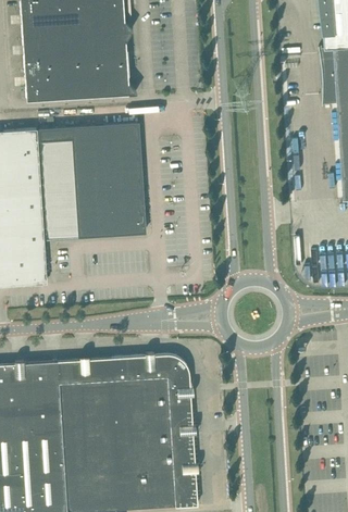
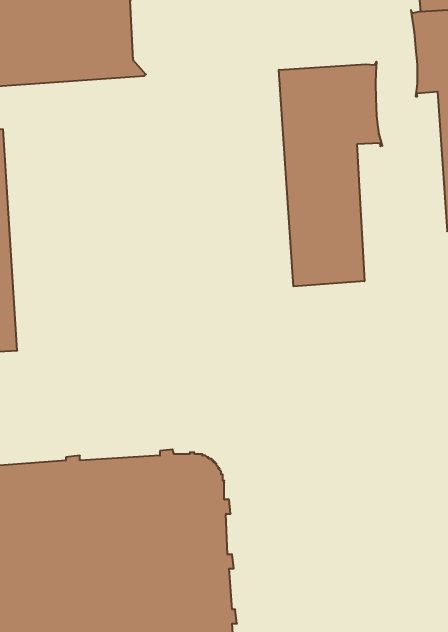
building: none -> [279,62,382,286]
building: [39,125,145,240] -> none

